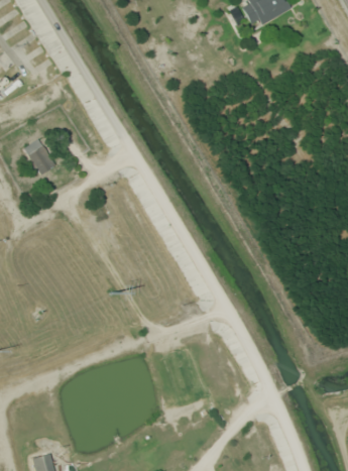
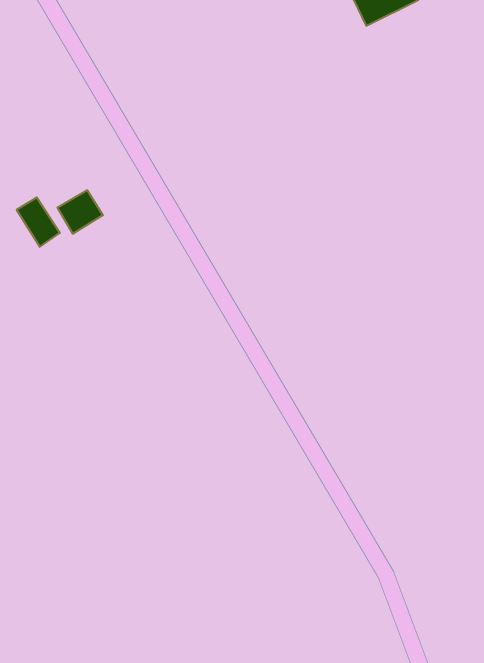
building: none -> [58,190,103,234]

